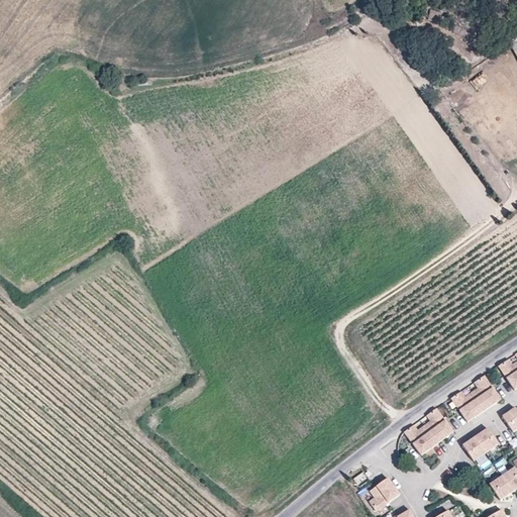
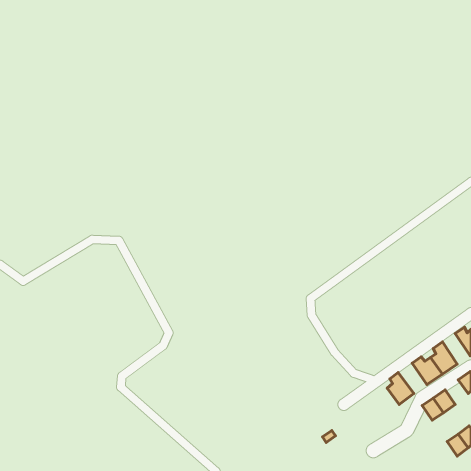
building: [404,424,437,455] -> none
building: [370,478,400,511] -> none

